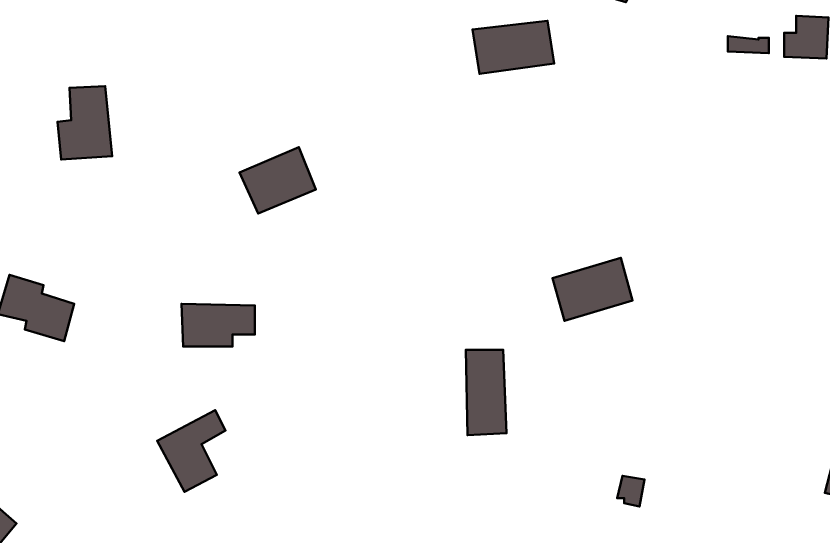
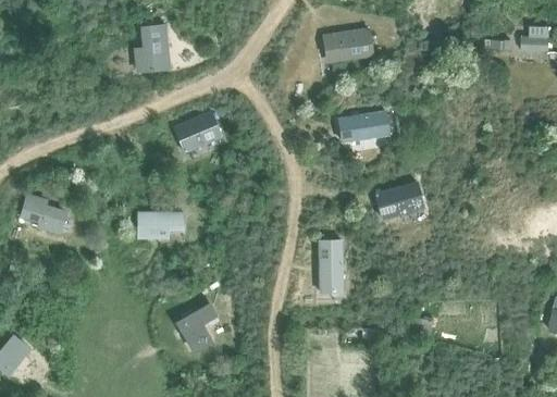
building: [58,86,112,159] -> [134,25,169,72]
building: none -> [337,111,389,142]
building: [157,410,225,492] -> [175,302,219,355]

